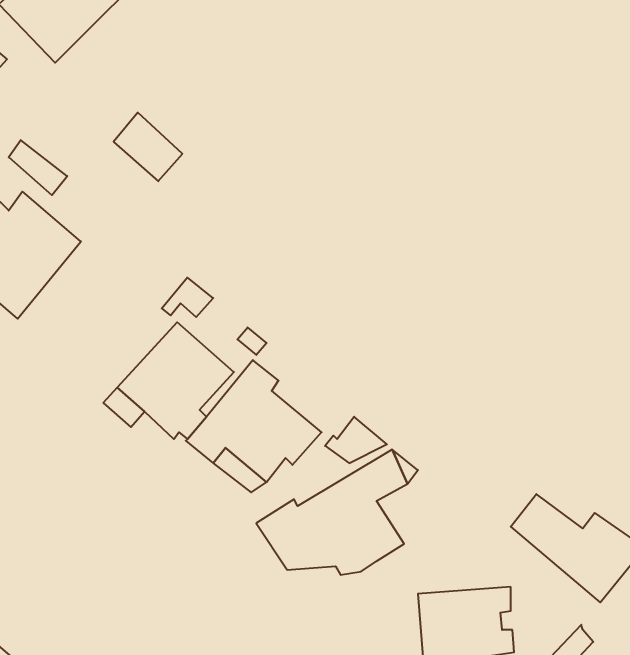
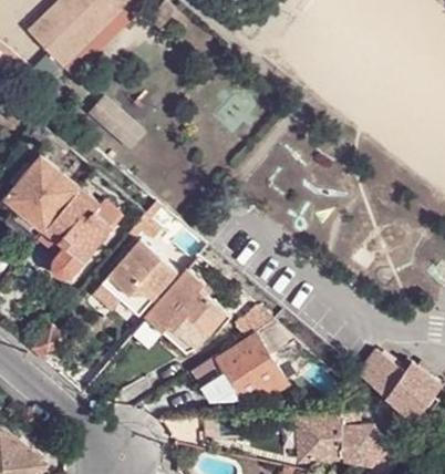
building: none -> [38,188,120,278]

